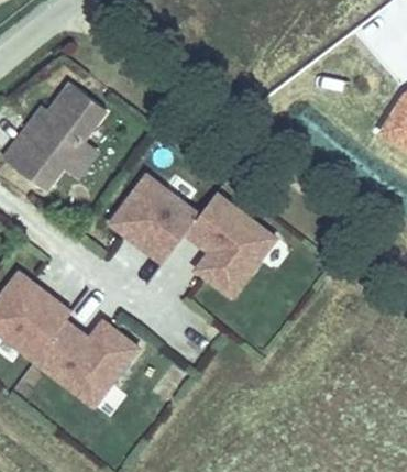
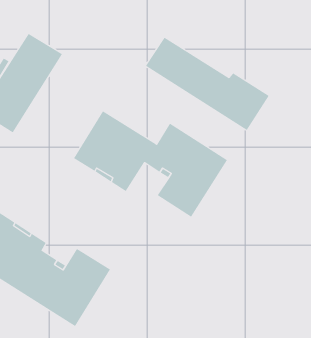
building: none -> [145,37,269,131]

